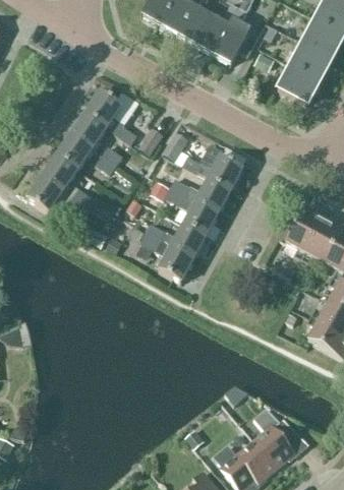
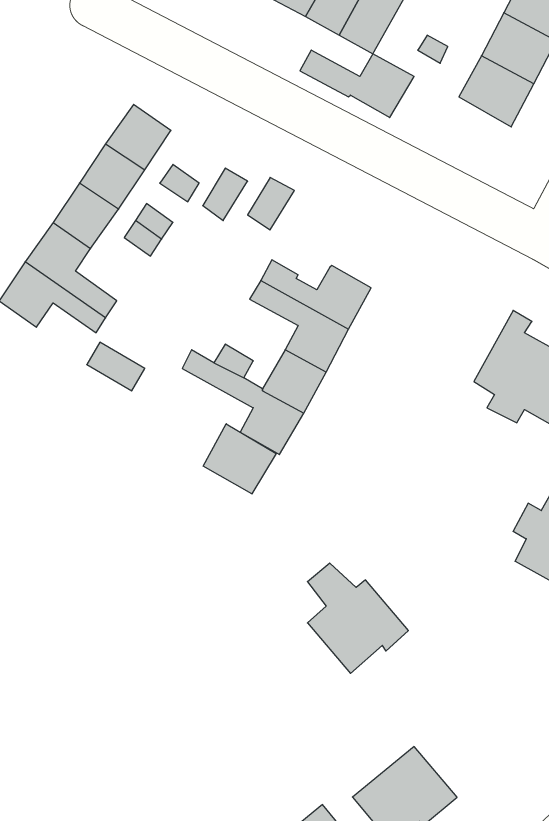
building: [181,154,243,190] -> [300,50,414,118]
building: none -> [203,424,276,494]
building: [253,407,308,467] -> [307,563,408,673]

